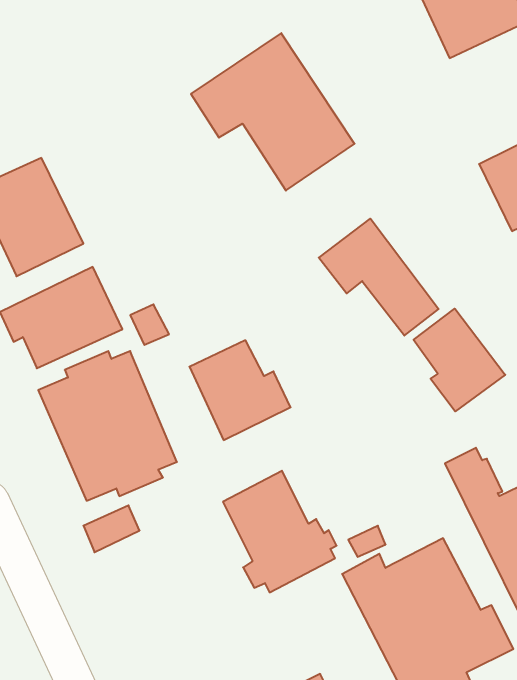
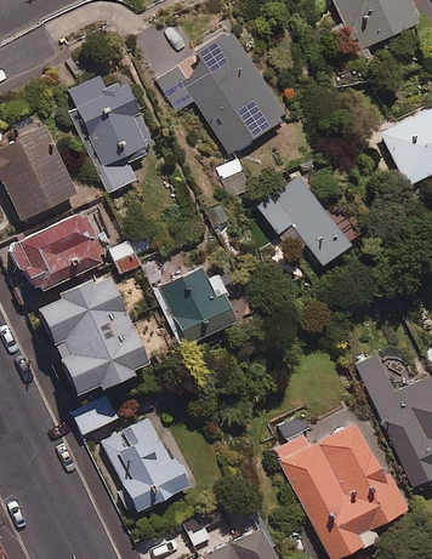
building: none -> [70,76,154,190]
building: [414,309,505,411] -> none
building: [223,471,337,592] -> [102,417,191,512]

